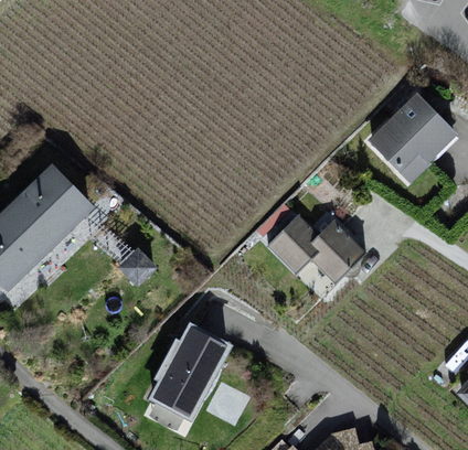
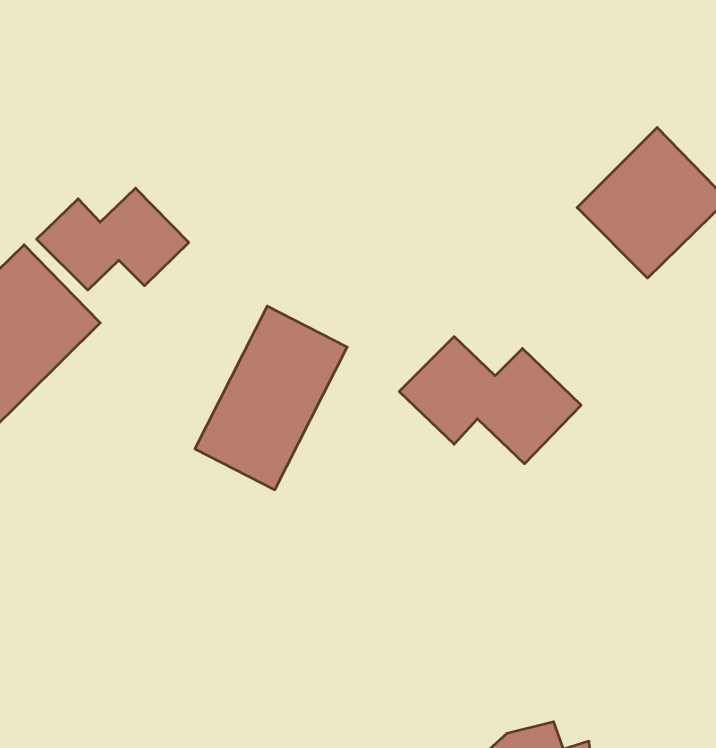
building: none -> [37,188,189,290]
building: [148,322,234,426] -> [195,306,347,490]

